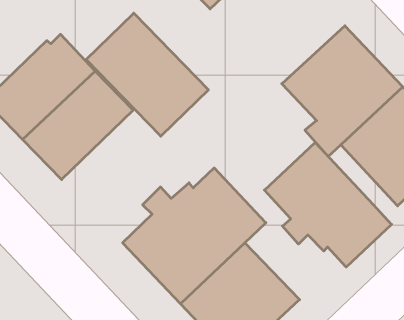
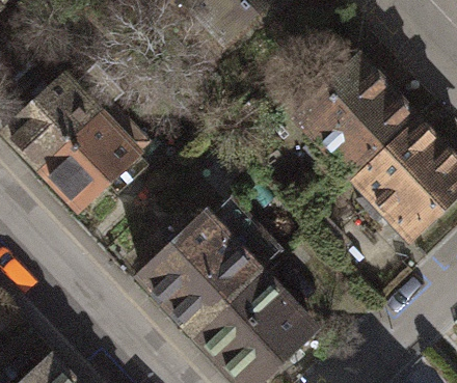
building: [86,13,208,136] -> none
building: [264,143,392,267] -> none

